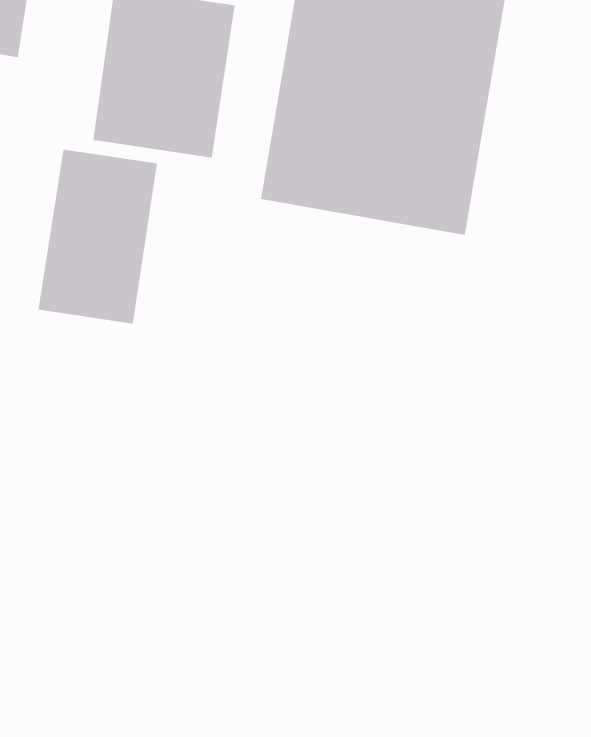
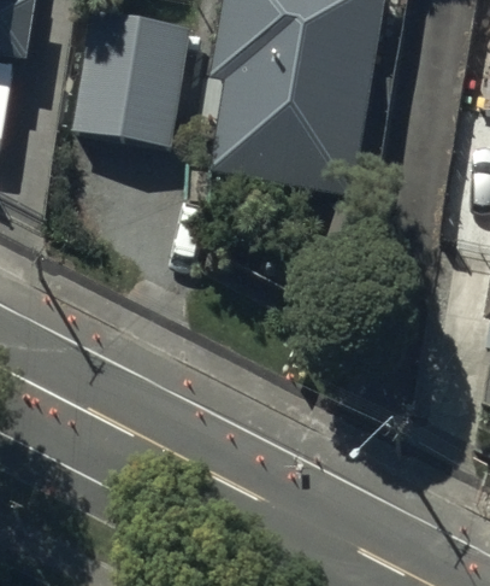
building: [38,149,158,325] -> none

